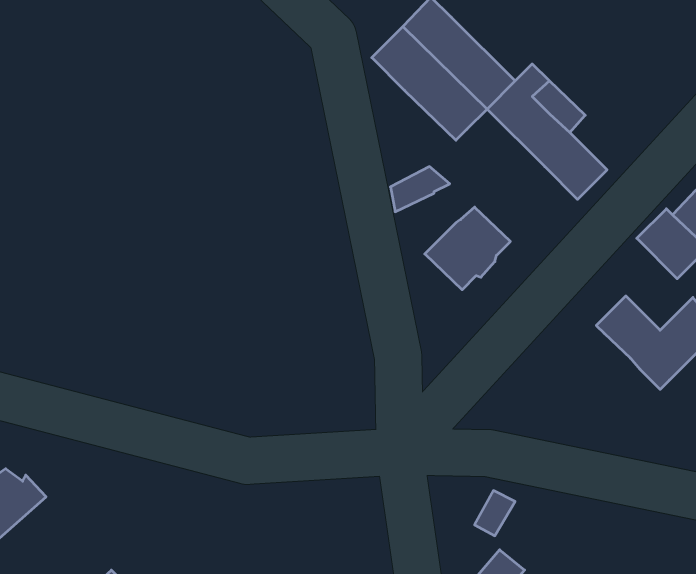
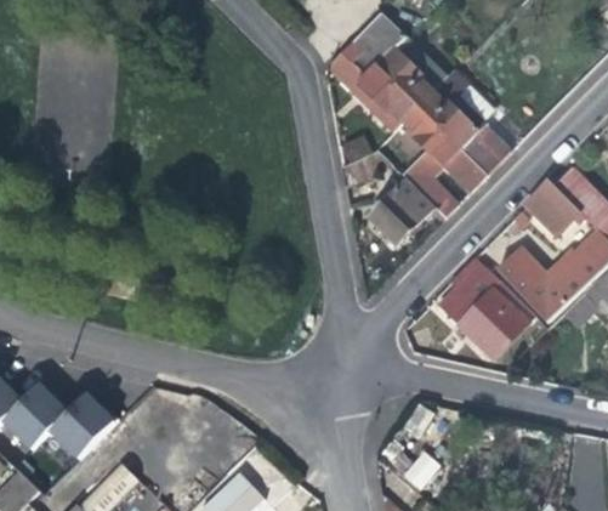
building: none -> [396,103,483,216]
building: none -> [437,257,538,370]
building: none -> [47,391,114,453]

